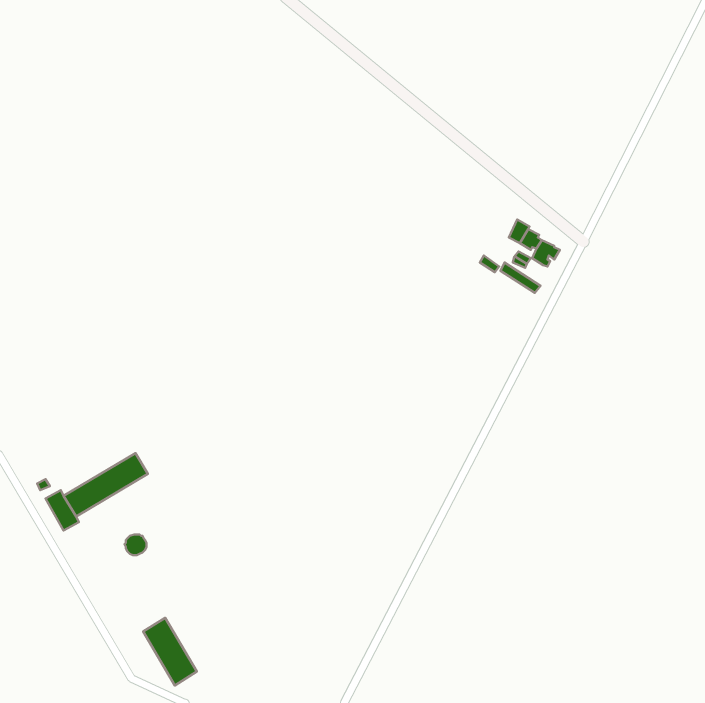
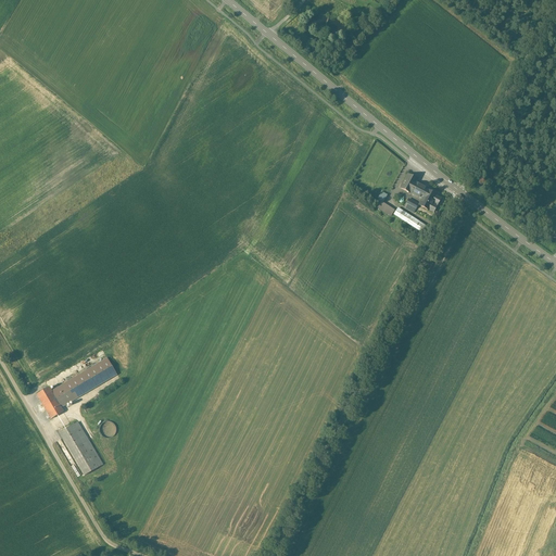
building: [143,618,197,685] -> [59,420,101,473]

